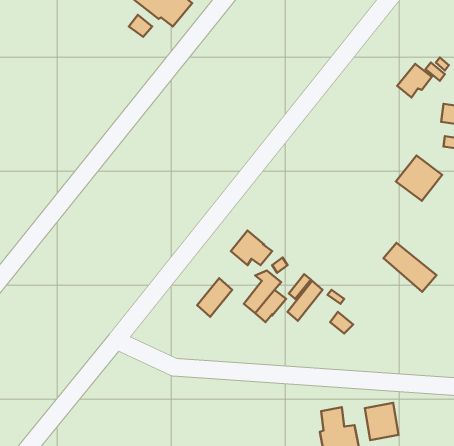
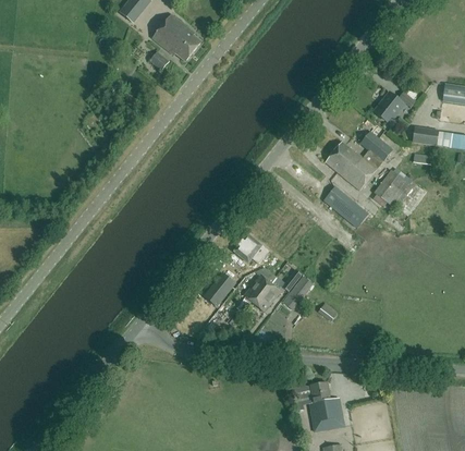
building: none -> [326,131,393,191]
building: [383,243,436,292] -> [323,186,368,228]
building: [365,403,398,440] -> none

